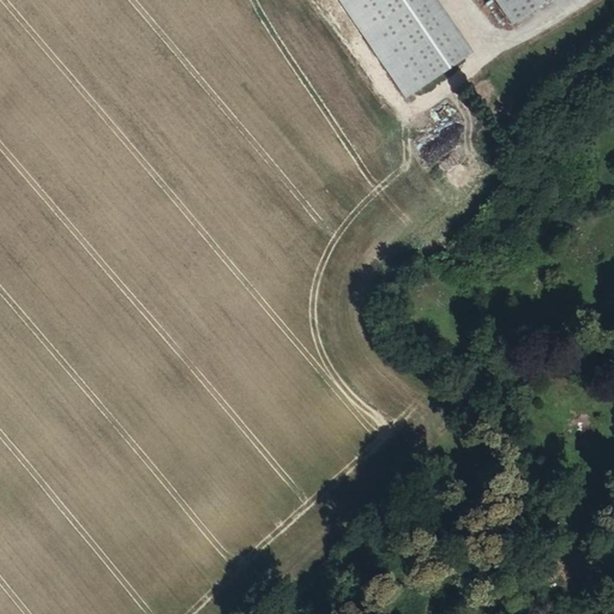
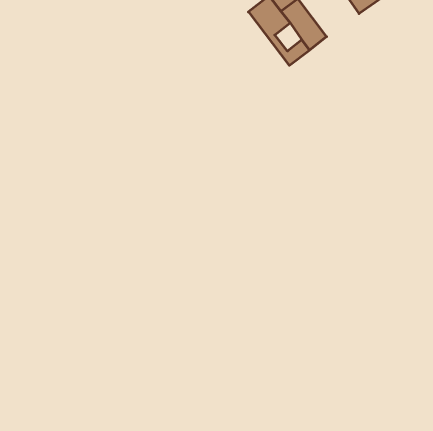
building: [390,32,428,72] -> none

